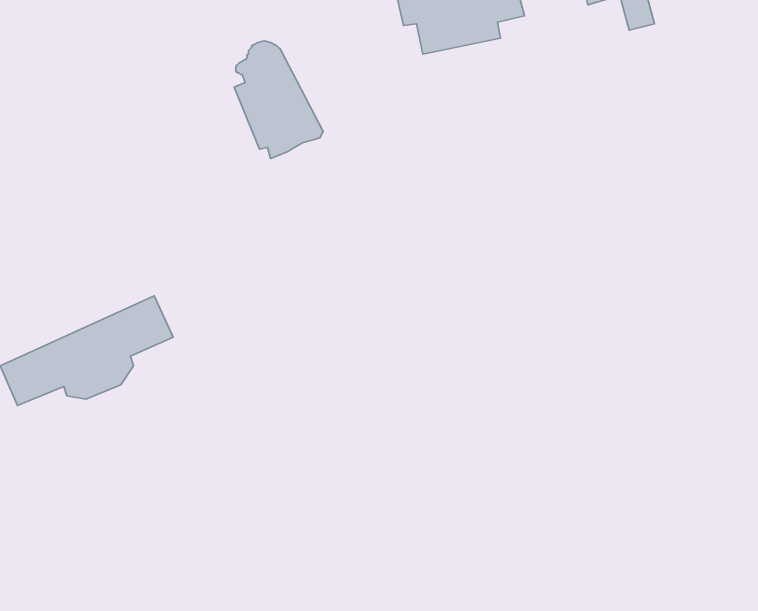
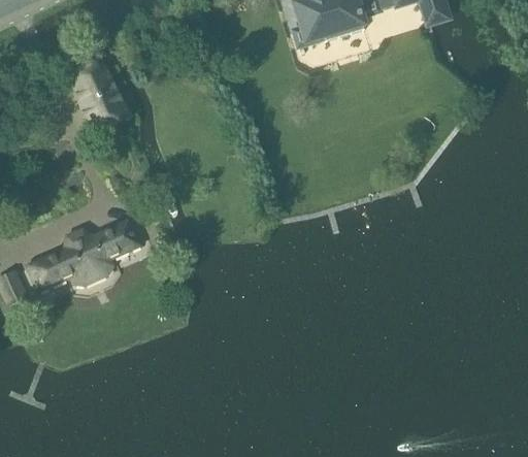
building: [234,41,323,159] -> [74,52,132,128]

